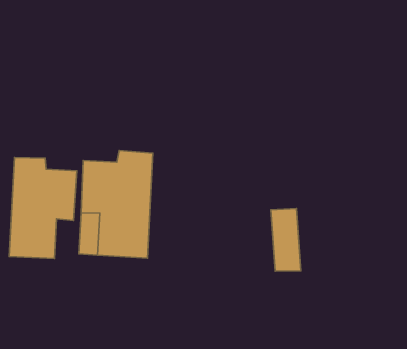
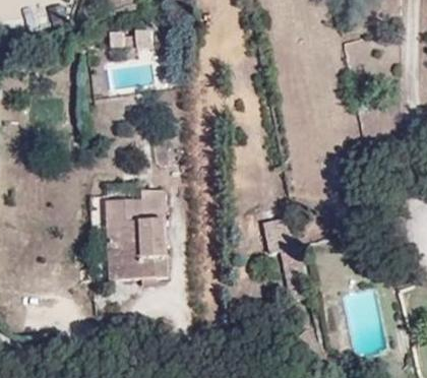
building: [9,158,77,259] -> none

